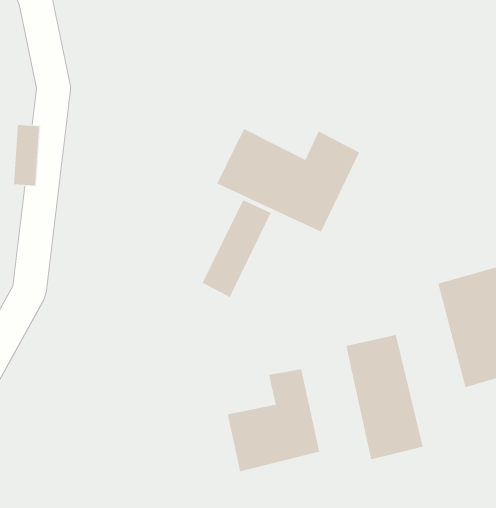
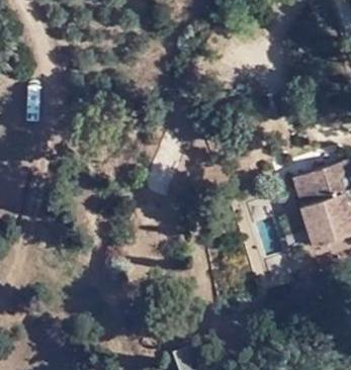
building: [217,128,360,232] -> none
building: [227,369,320,472] -> none

